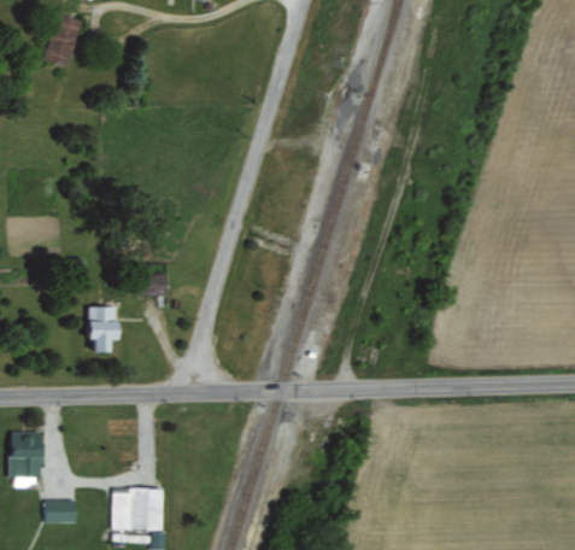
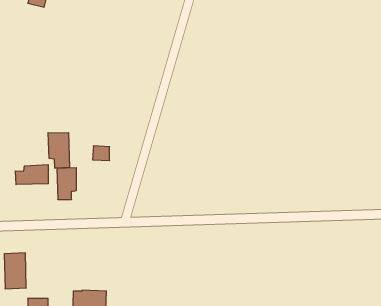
building: none -> [48,133,69,168]
building: none -> [15,165,48,185]

